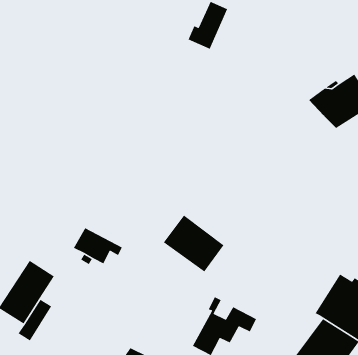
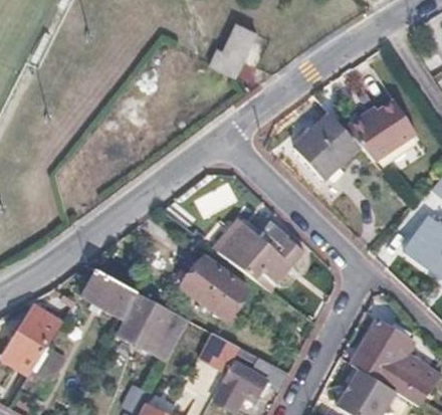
building: none -> [293,115,360,181]
building: none -> [219,221,304,290]
building: none -> [117,291,189,359]
building: none -> [197,331,239,371]

